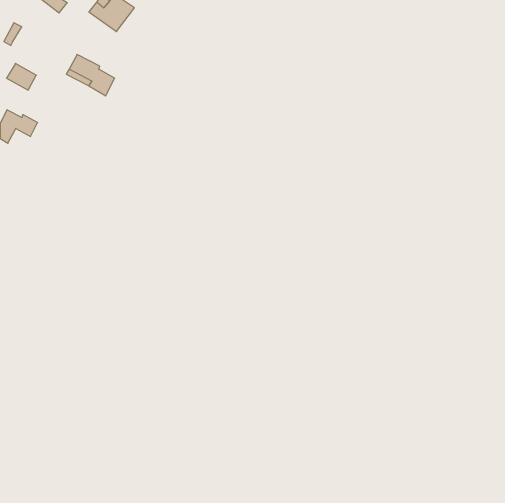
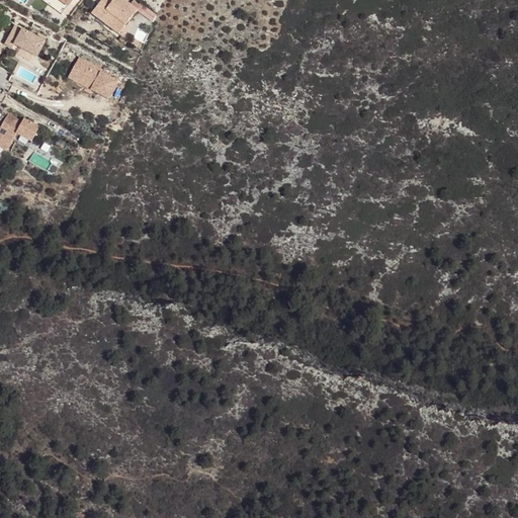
building: [7,63,36,90] -> [13,27,44,55]

